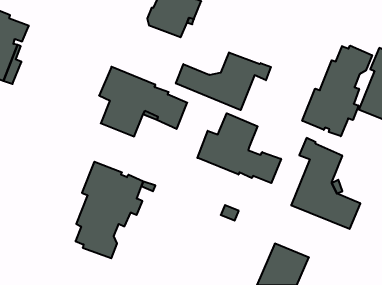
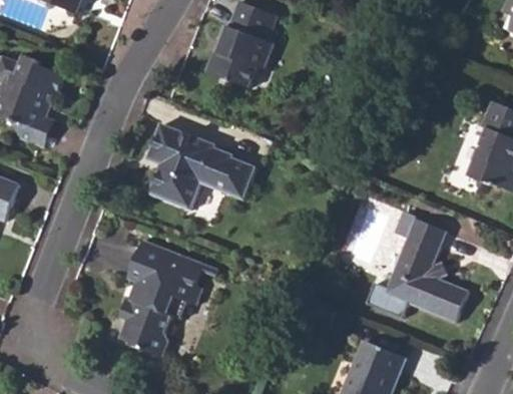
building: [302,46,372,136] -> none
building: [176,52,271,110] -> none
building: [197,113,281,183] -> none

